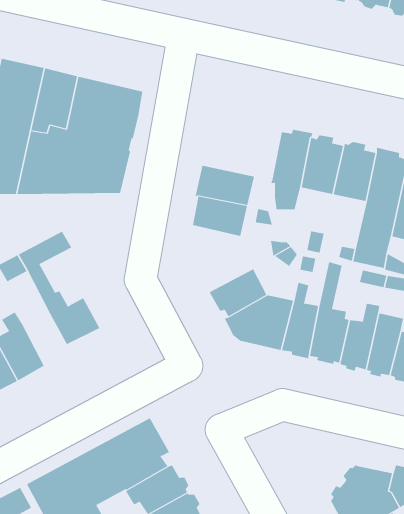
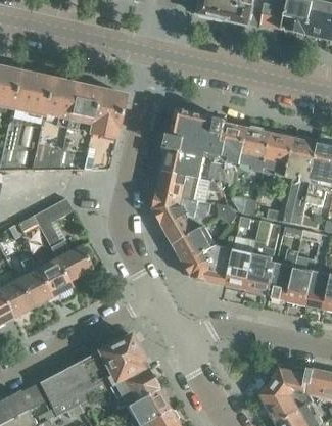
building: none -> [164,109,226,159]
building: none -> [153,191,209,241]
building: none -> [35,257,70,296]

